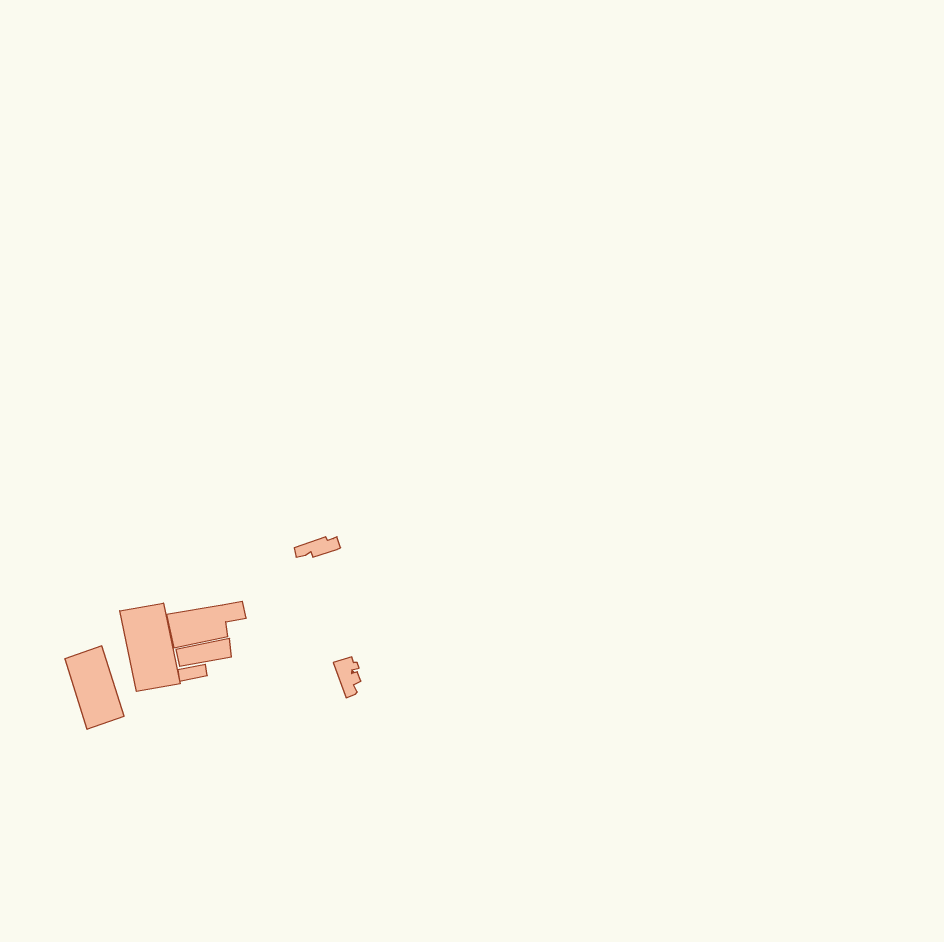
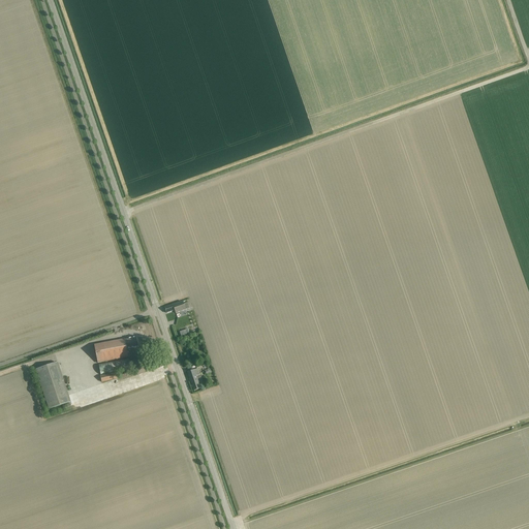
building: [120,603,180,691] -> none

